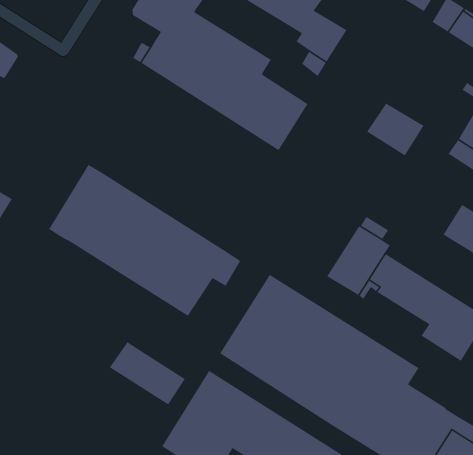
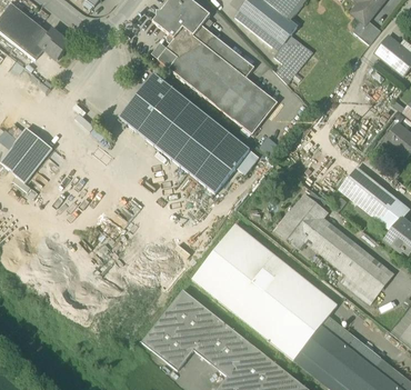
building: [366,102,425,156] -> [339,168,382,209]
building: [48,164,241,317] -> [120,73,259,193]
building: [109,341,186,406] -> none

